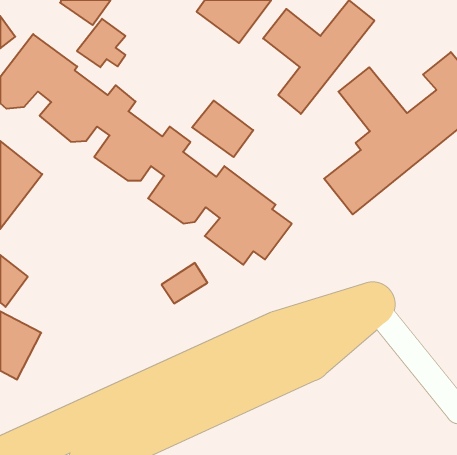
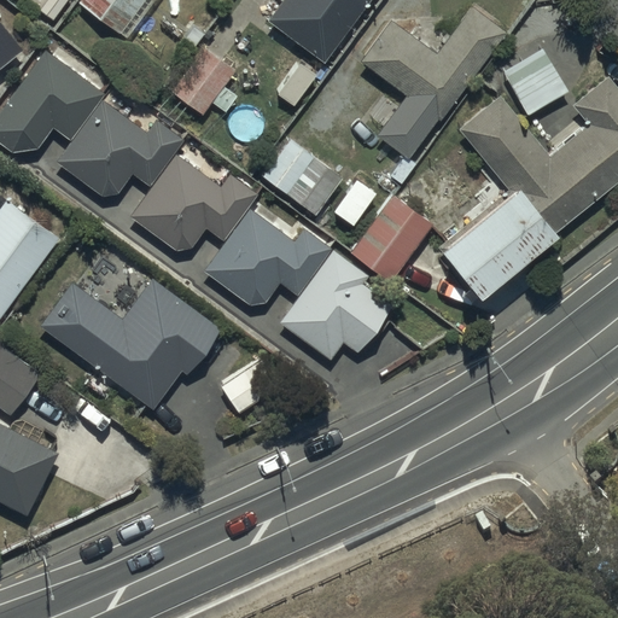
building: [77,19,125,67] -> [171,49,237,115]
building: none -> [503,49,569,116]
building: none -> [350,196,432,284]
building: none -> [40,278,220,409]

